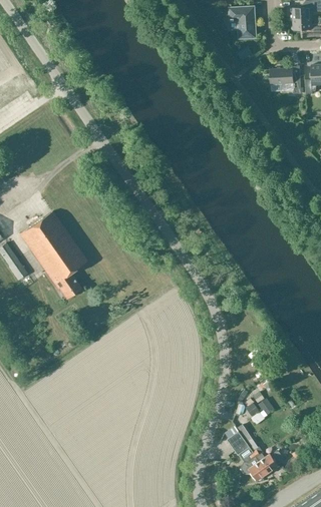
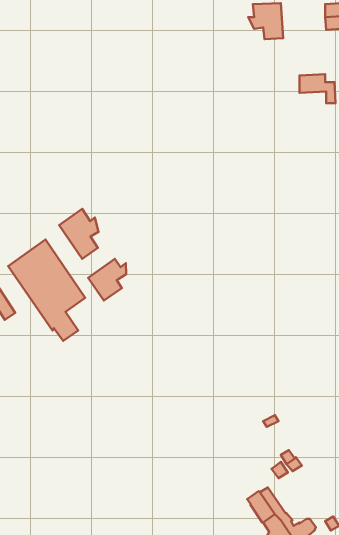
building: none -> [59,209,98,259]
building: none -> [88,259,126,301]

